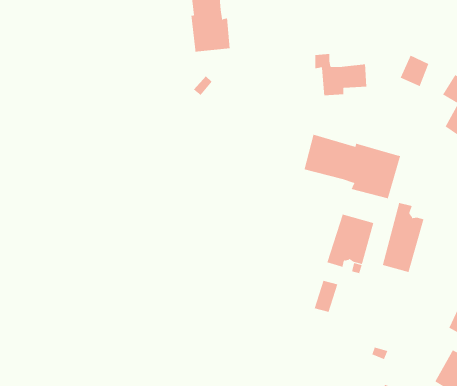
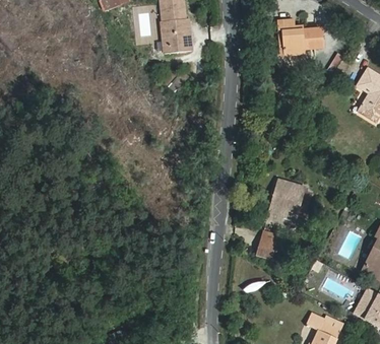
building: [315,54,367,96] -> [280,19,322,53]
building: [304,134,401,199] -> none
building: [382,202,424,273] -> none

